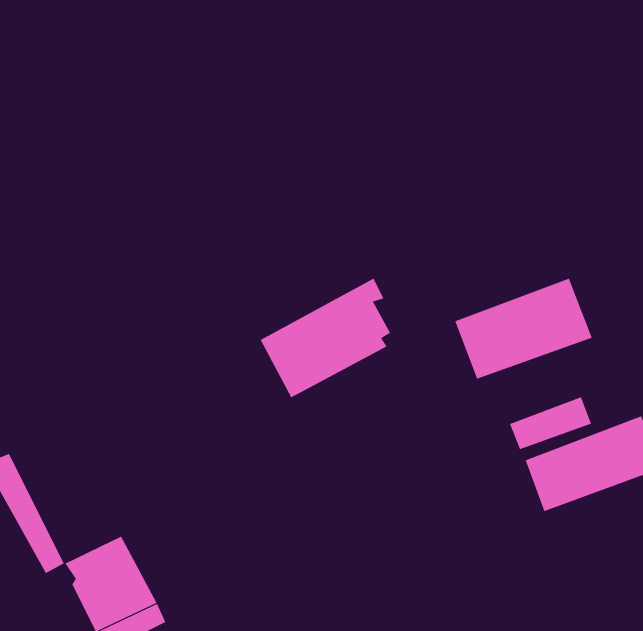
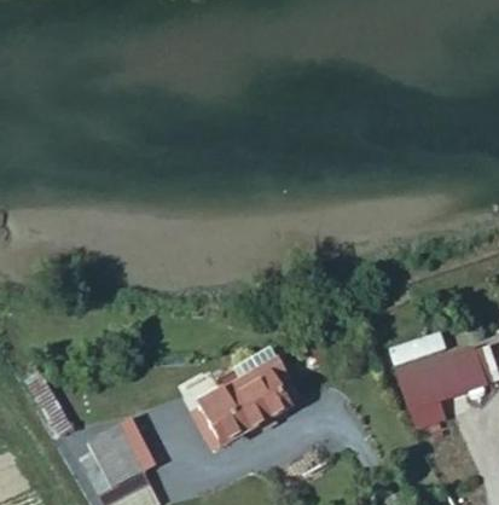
building: [260,278,391,398] -> [199,359,291,443]
building: [455,278,592,379] -> none

